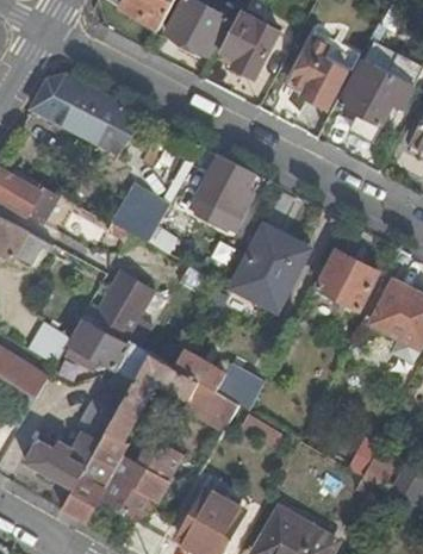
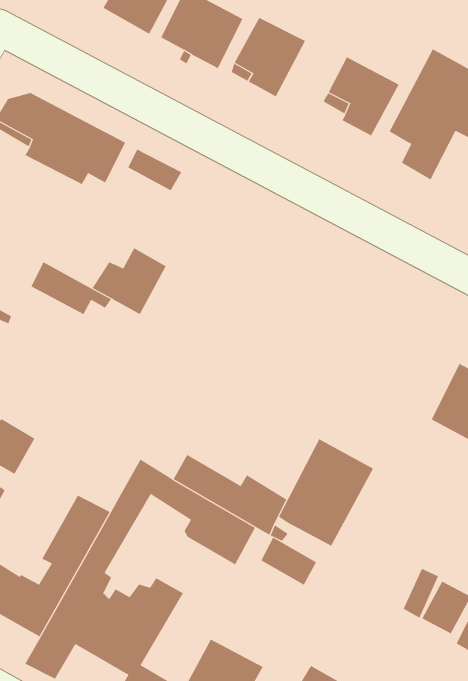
building: [198,156,254,217] -> none
building: [232,228,305,310] -> [278,439,374,547]
building: [316,251,378,311] -> none
building: [89,273,153,335] -> none
building: [70,322,149,381] -> none

